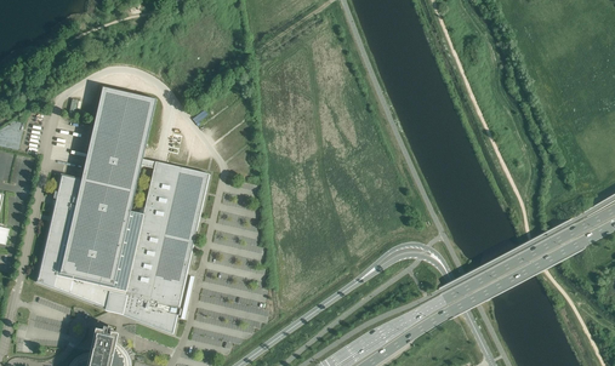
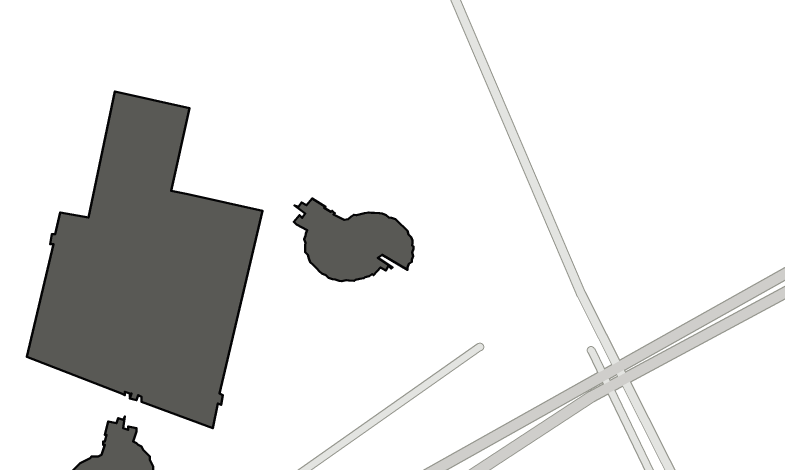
building: none -> [294,199,414,281]

